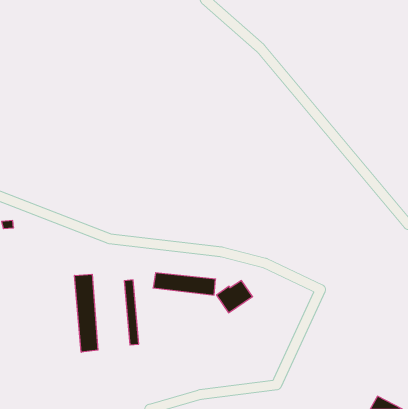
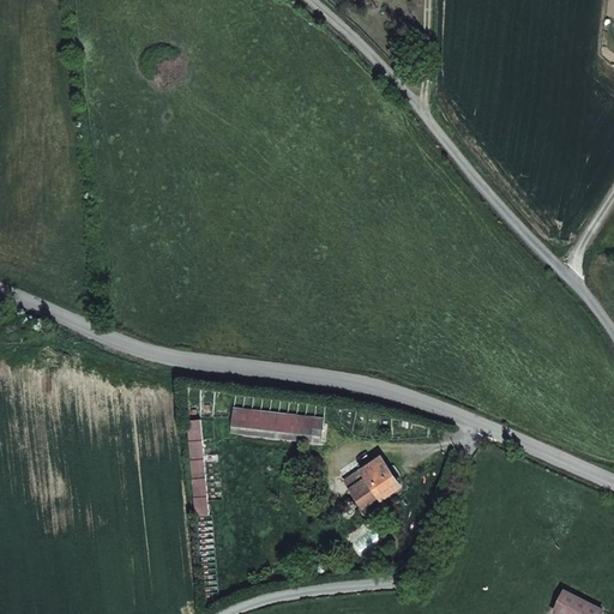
building: [75,274,98,352] -> none
building: [217,281,253,313] -> [344,459,398,507]

